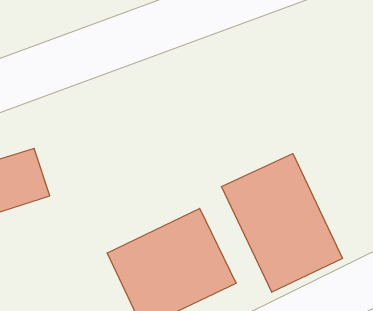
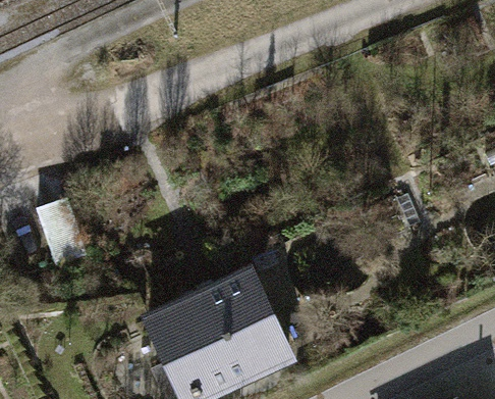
building: [222,154,342,292] -> none

